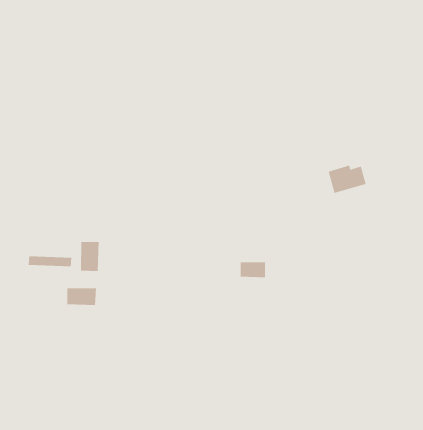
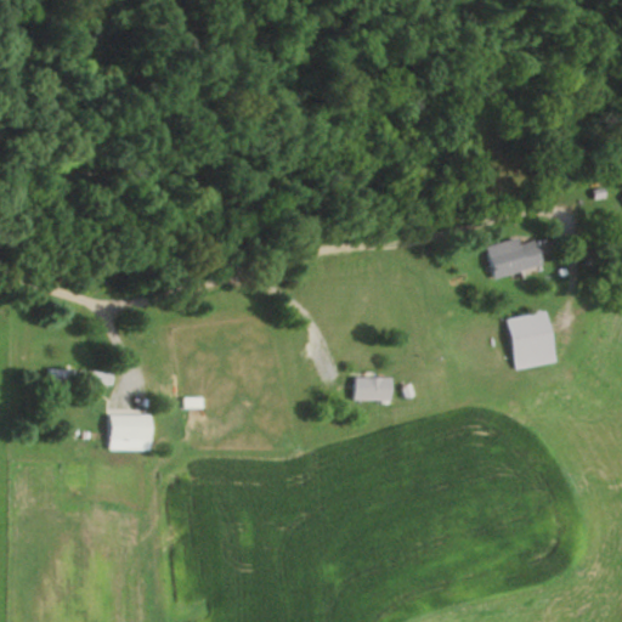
building: none -> [509,311,556,368]
building: [81,241,99,272] -> none

